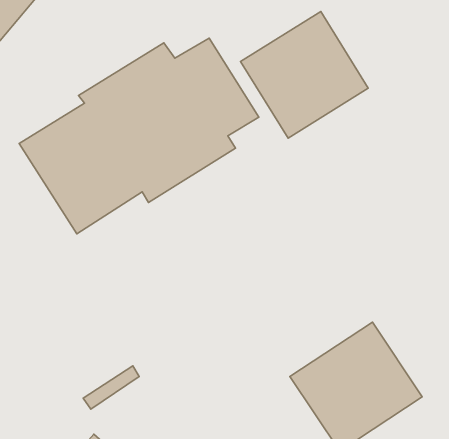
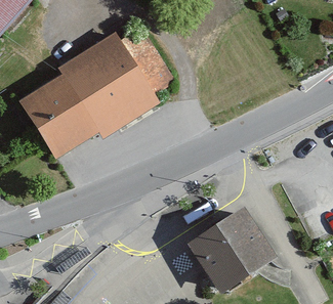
building: [241,12,368,138] -> none

